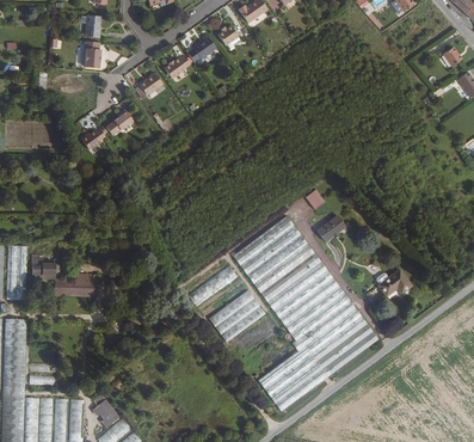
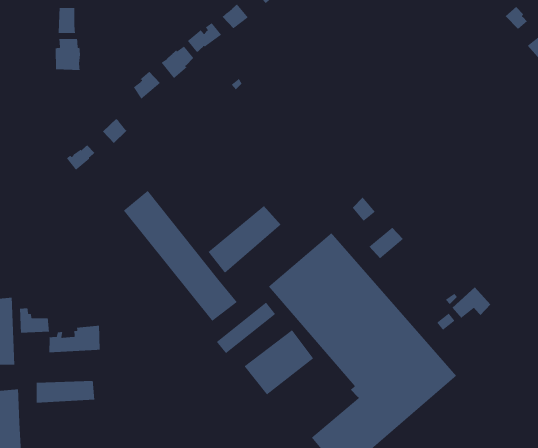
building: none -> [123,190,238,322]
building: none -> [207,205,282,274]
building: none -> [36,380,95,403]

